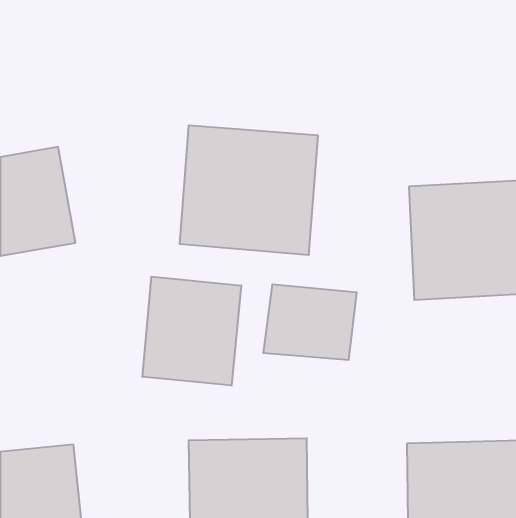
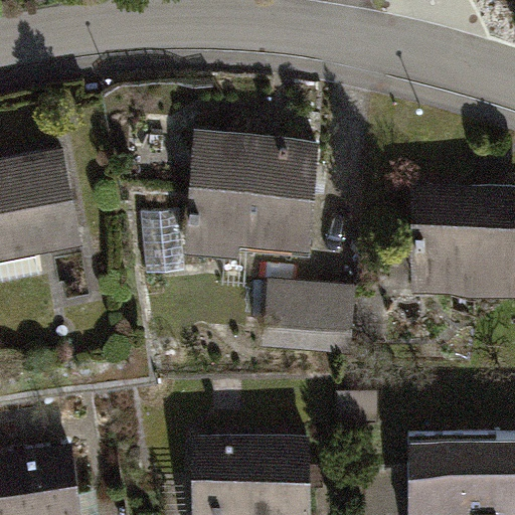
building: [142,277,241,386] -> none

